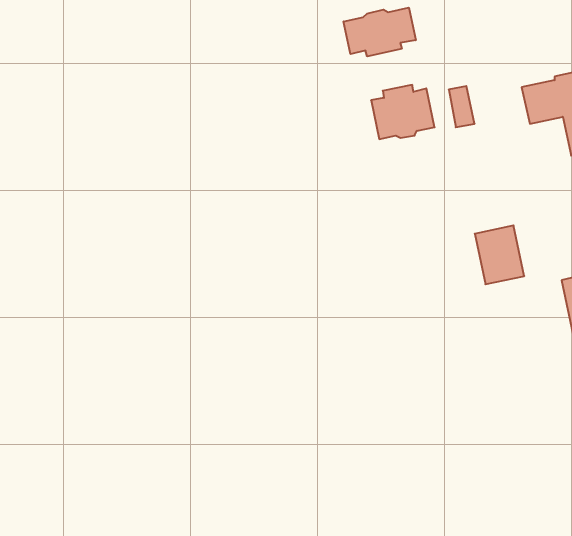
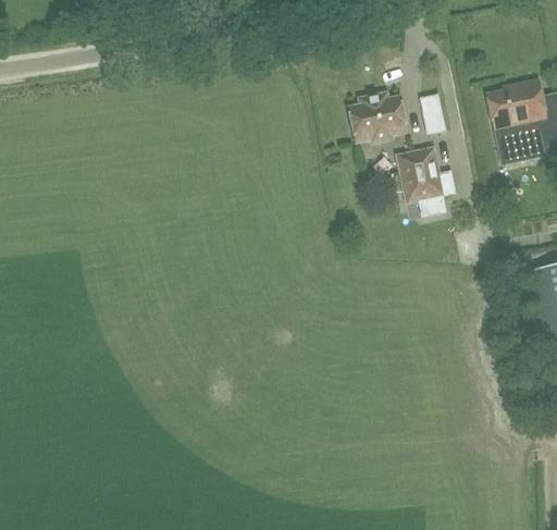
building: [344,8,416,56] -> none
building: [475,225,524,284] -> [399,147,445,201]

